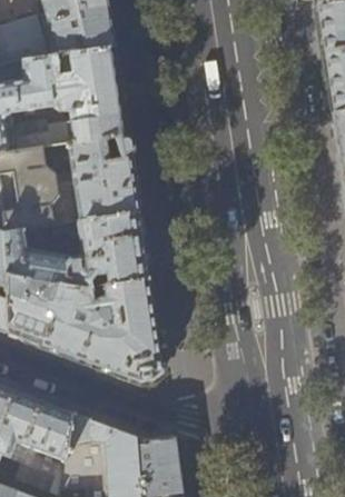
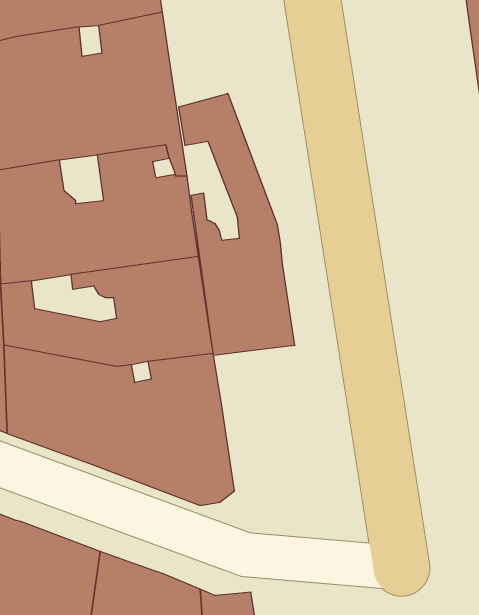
building: none -> [179,93,295,355]

